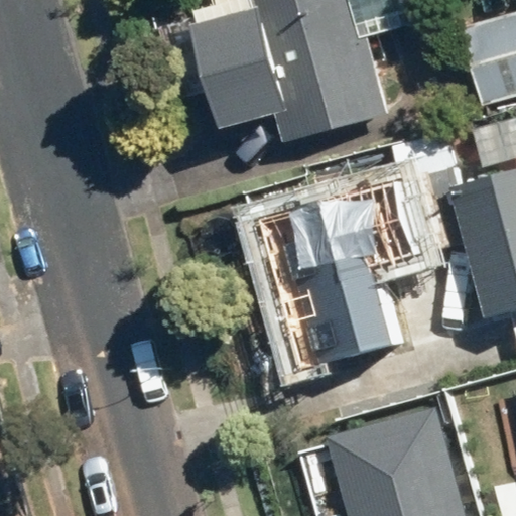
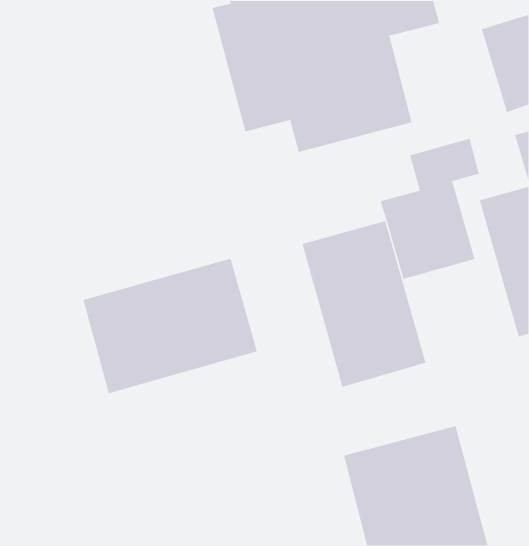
building: none -> [82,258,258,394]

